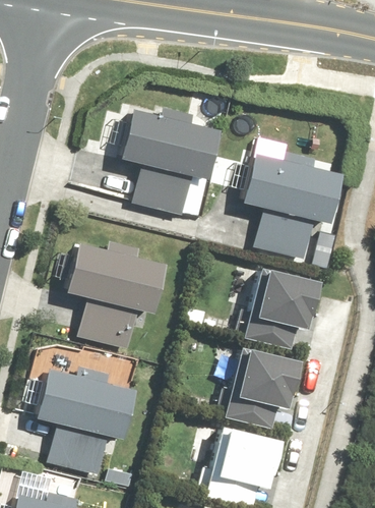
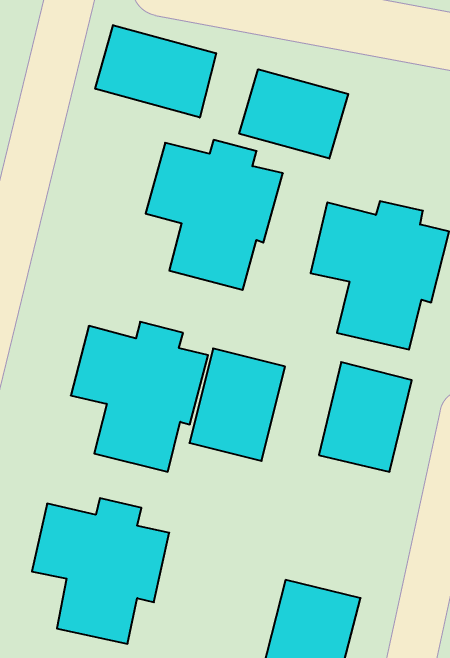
building: none -> [95,25,216,118]
building: none -> [239,69,348,159]
building: [226,346,296,429] -> [189,348,285,461]

